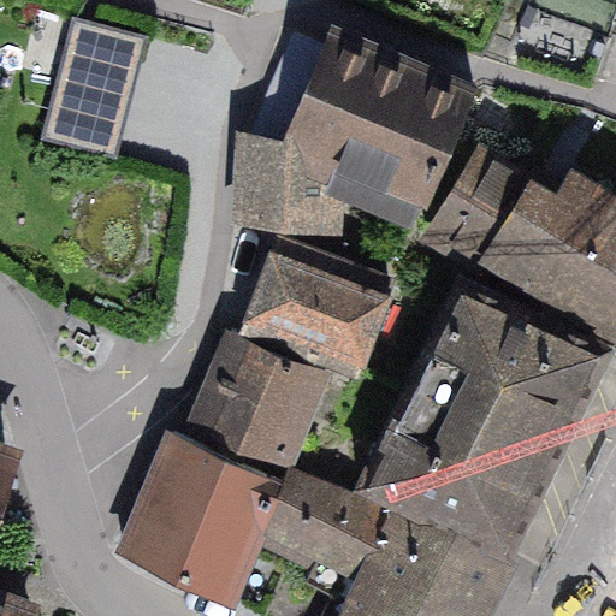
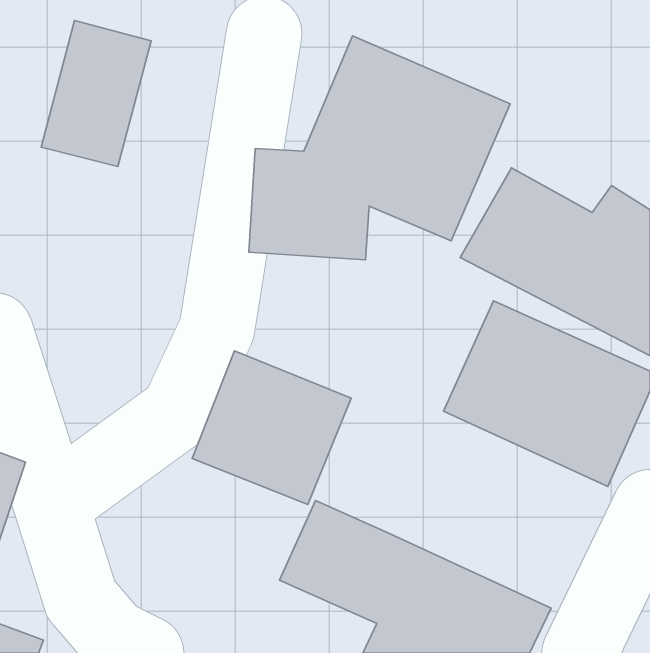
building: [241,249,393,375] -> none
building: [363,386,570,571] -> none
building: [124,436,282,596] -> none

